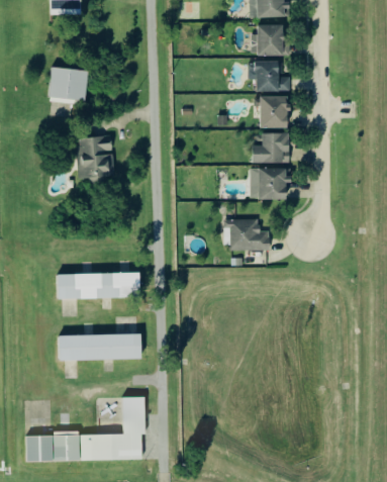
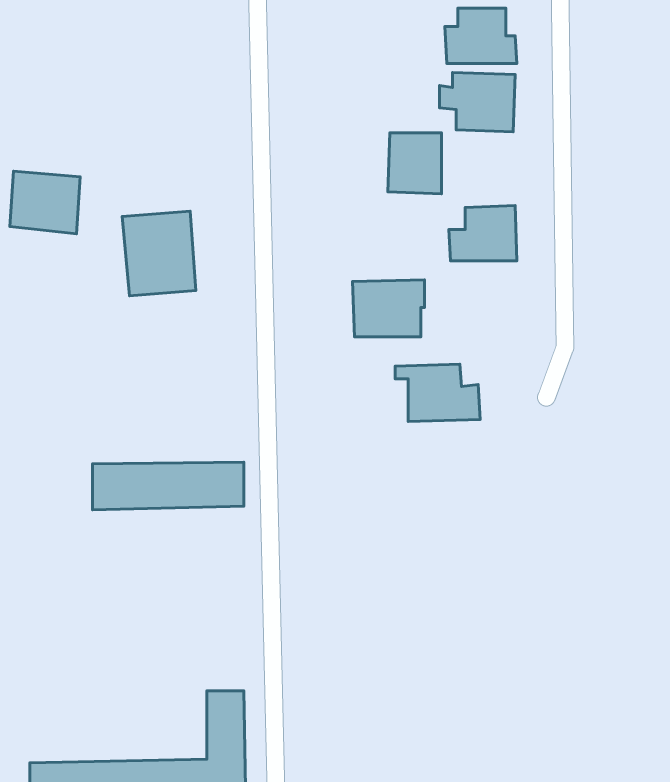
building: [49,67,87,101] -> [10,171,80,234]
building: [260,95,289,128] -> [388,133,441,194]
building: [250,168,289,199] -> [353,280,425,337]
building: [56,336,138,361] -> none

